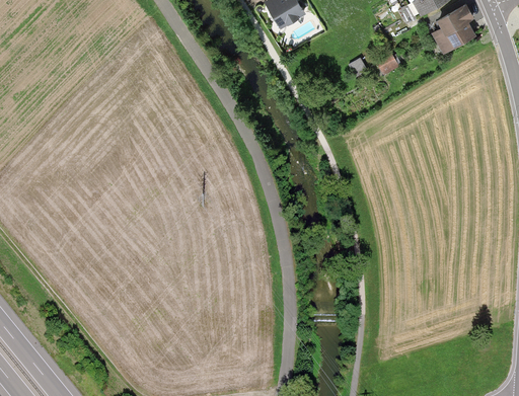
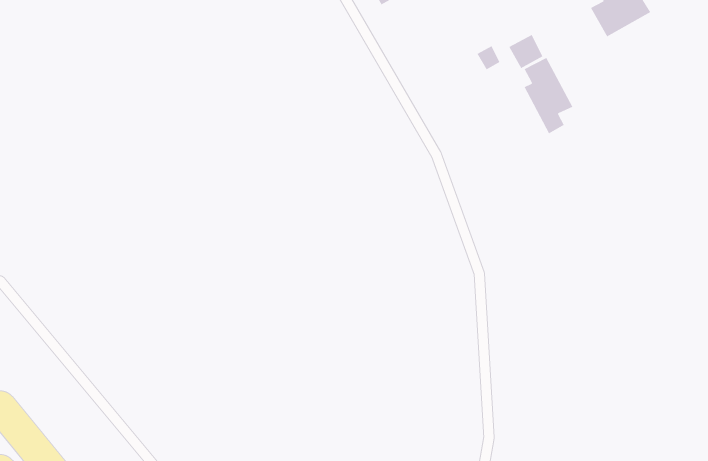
building: none -> [524,57,573,134]

